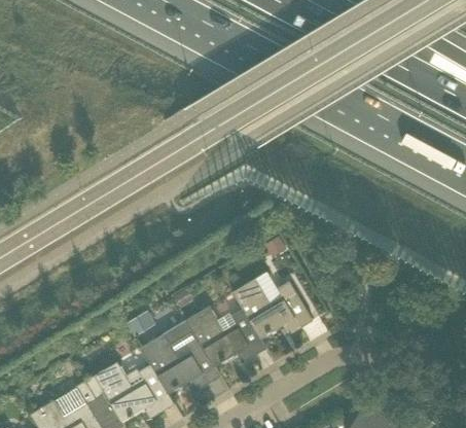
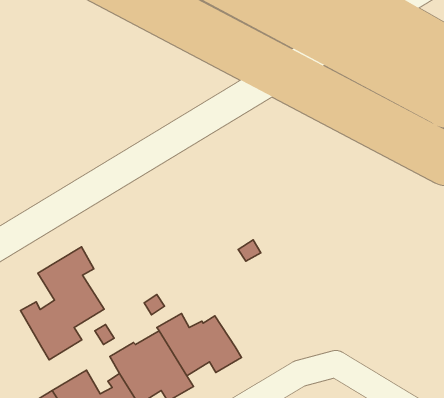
building: none -> [20,247,104,360]
building: [232,272,313,338] -> none

